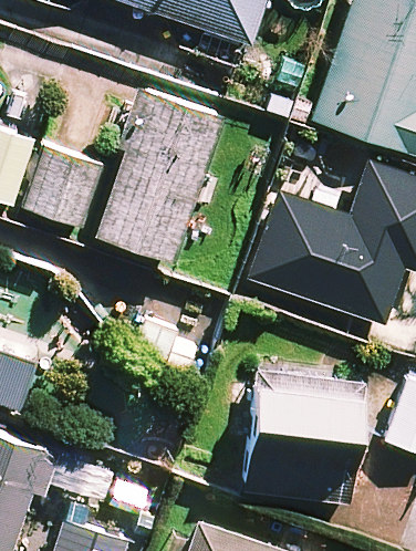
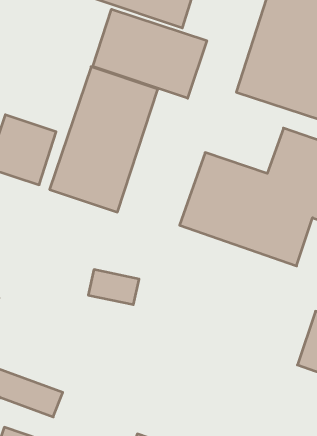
building: none -> [93,9,207,98]
building: [243,373,363,503] -> none

